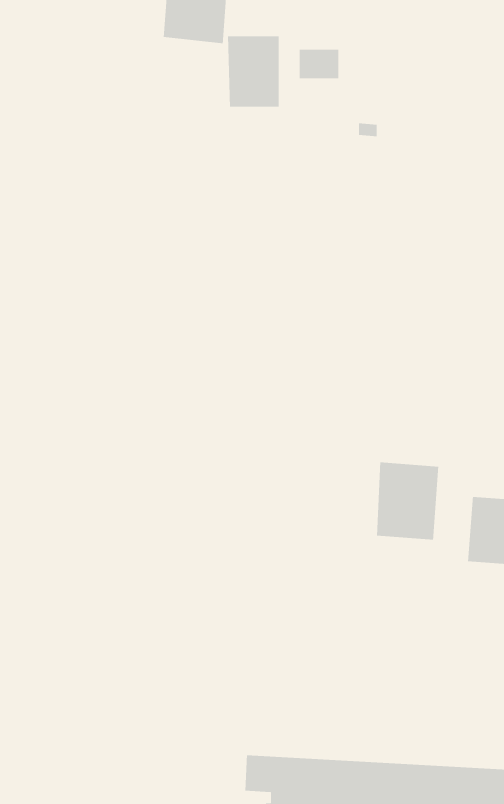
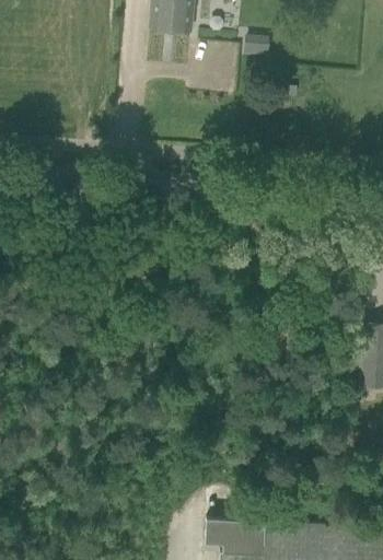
building: [227,35,280,108] -> none
building: [376,461,439,541] -> none

